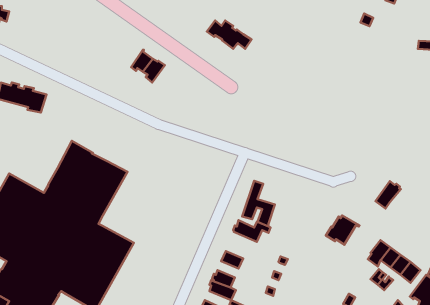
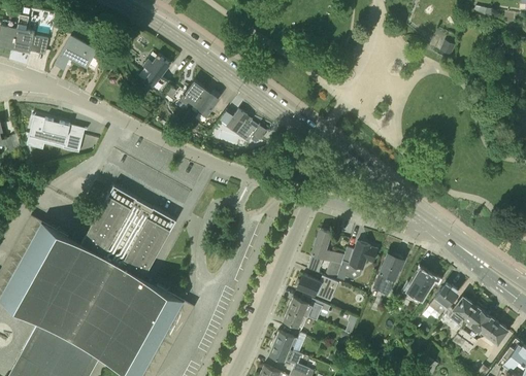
building: none -> [56,35,97,67]
building: [207,20,251,49] -> [218,110,268,142]
building: none -> [142,55,169,95]
building: [375,181,401,208] -> [429,283,458,314]
building: none -> [336,242,377,281]
building: none -> [373,252,403,296]
building: none -> [288,295,330,321]

